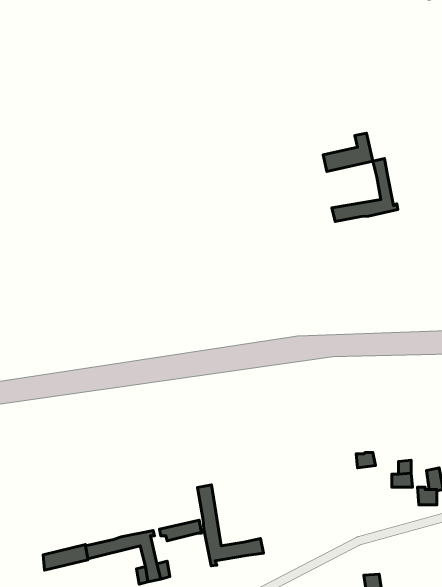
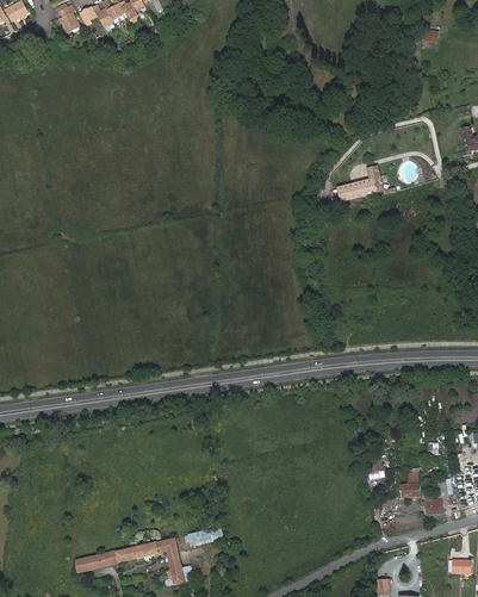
building: [332,159,398,222] -> none
building: [197,485,263,566] -> none

